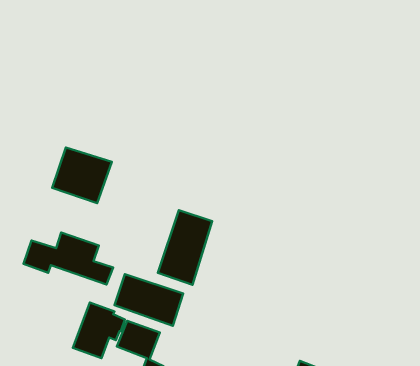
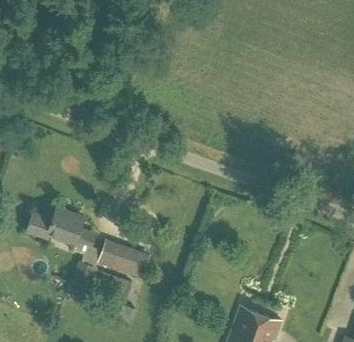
building: [52,148,112,203] -> none
building: [158,210,212,285] -> none

